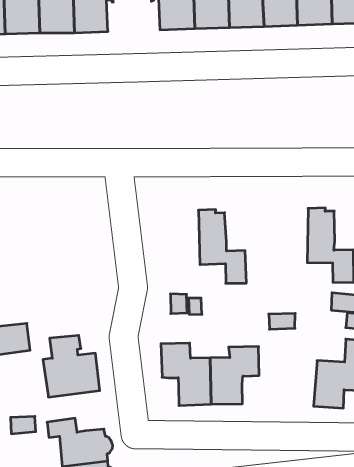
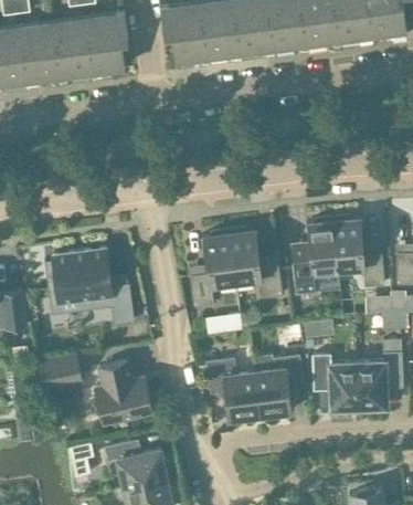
building: none -> [290,219,340,294]
building: none -> [189,231,235,308]
building: none -> [44,249,134,326]
building: none -> [311,356,358,409]

